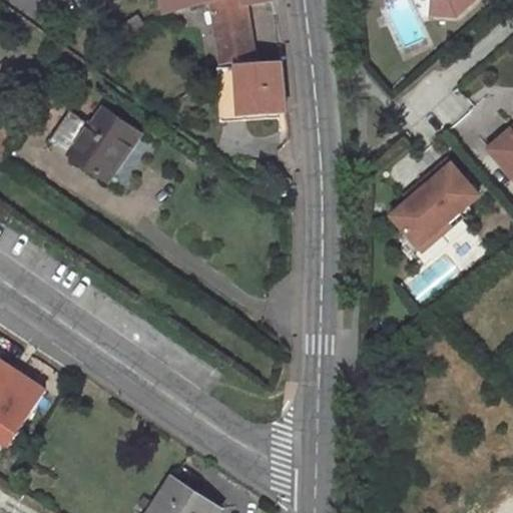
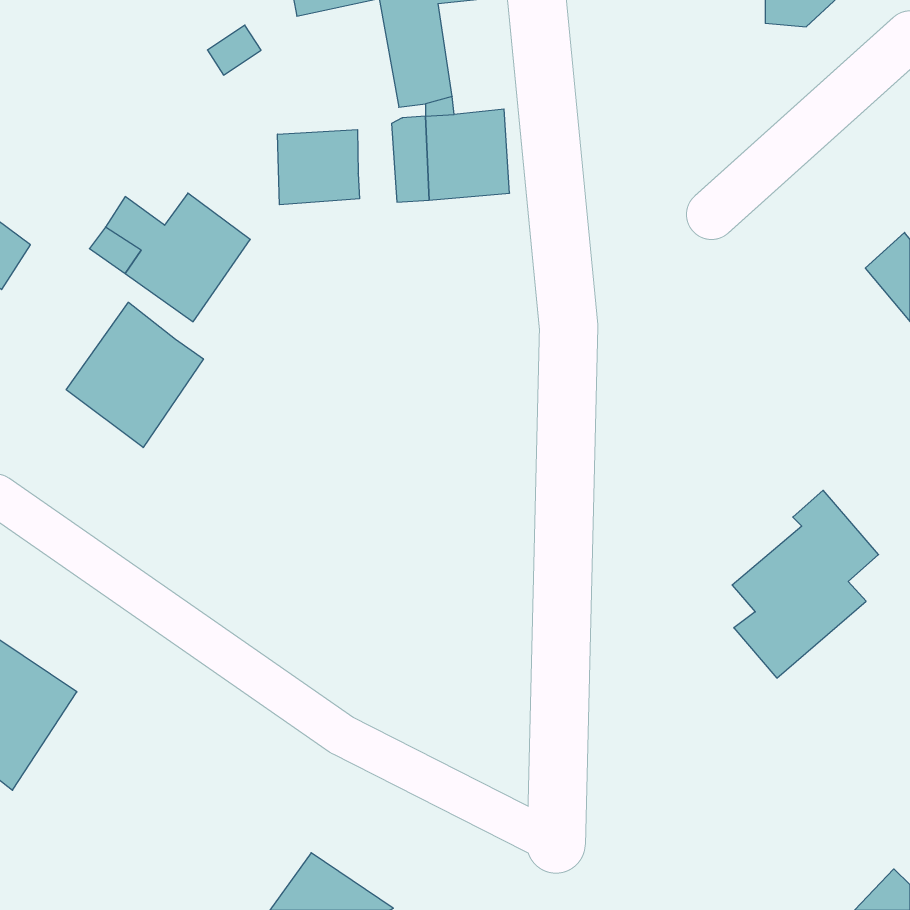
building: none -> [278,130,359,205]
building: [391,163,473,269] -> [732,490,879,678]
building: none -> [66,302,203,448]

